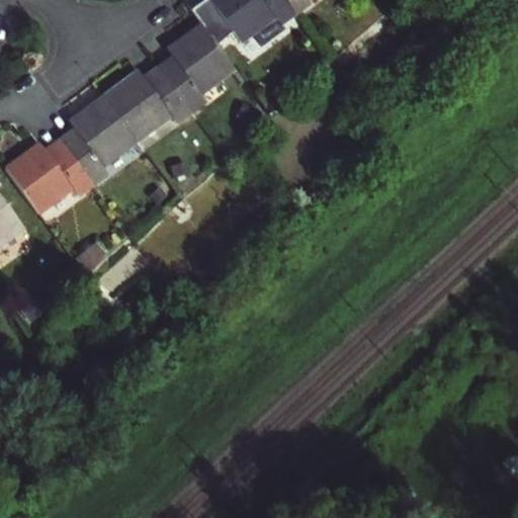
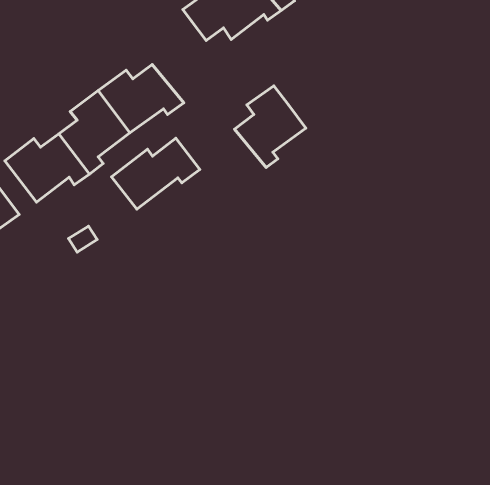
building: [160,22,235,108] -> [234,86,306,168]
building: none -> [111,138,200,209]

